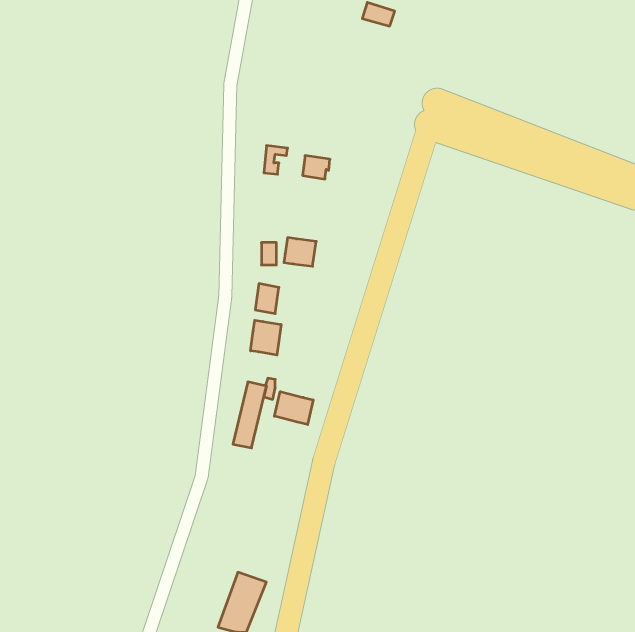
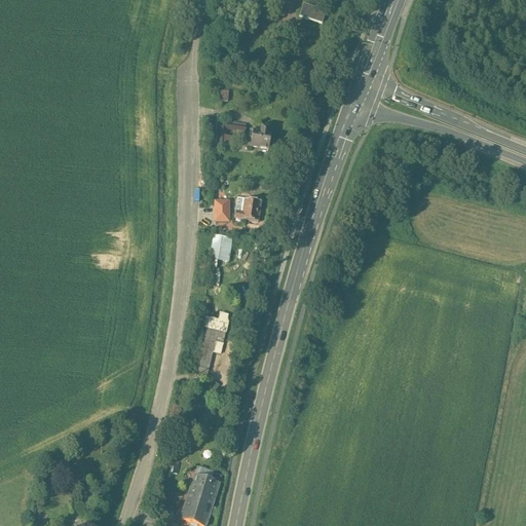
building: [251,320,281,355] -> none
building: [274,392,313,425] -> none

